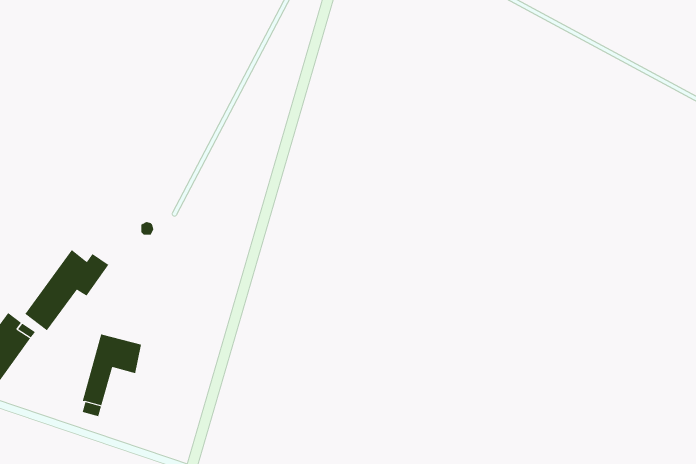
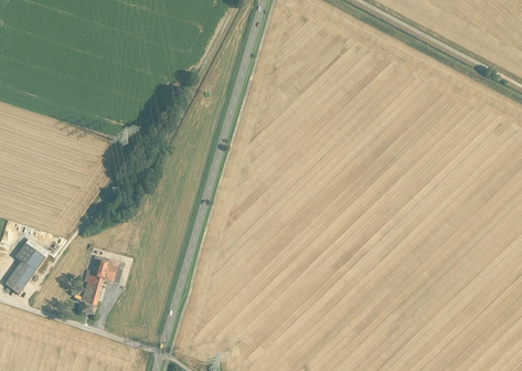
building: [25,249,109,331] -> none

